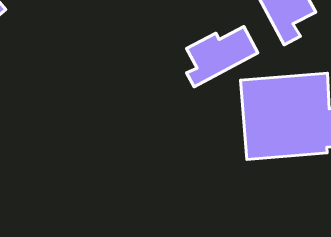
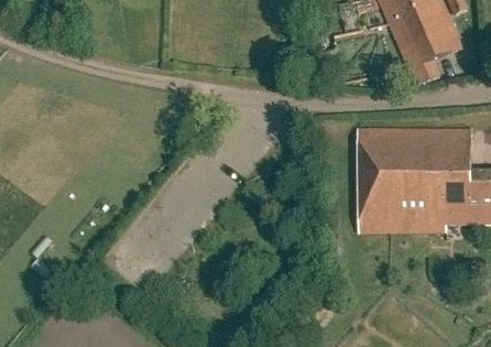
building: [186,26,258,87] -> none

